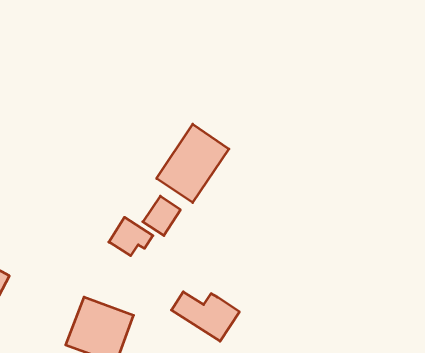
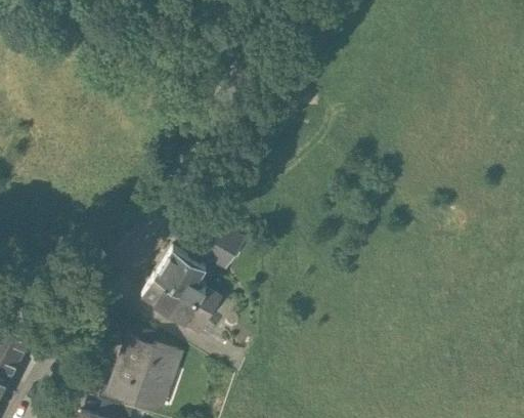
building: [157,124,229,203] -> none
building: [171,292,239,341] -> [143,278,219,333]

